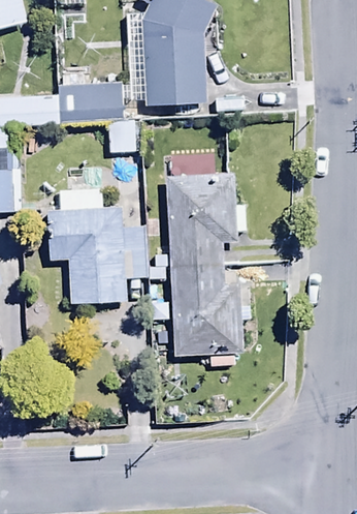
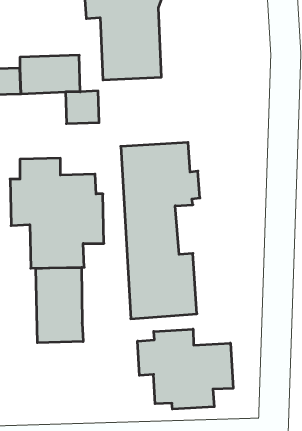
building: none -> [36,267,83,343]
building: none -> [138,329,233,409]

